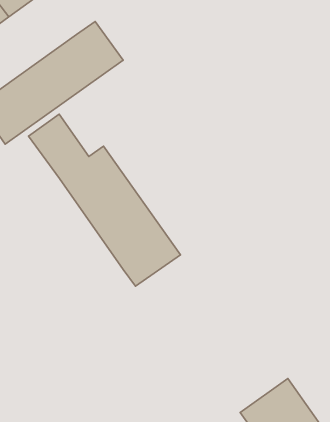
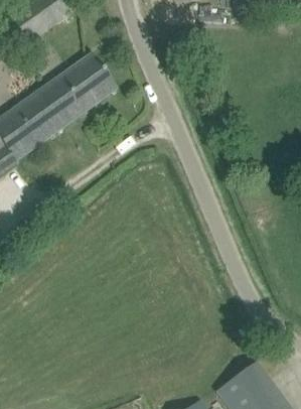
building: [29,114,181,286] -> none

